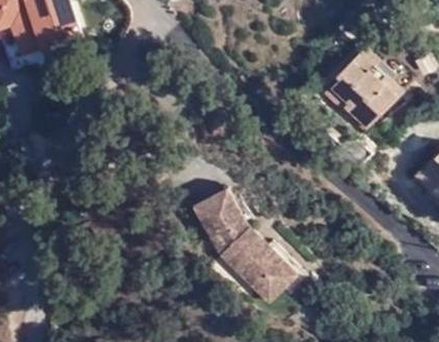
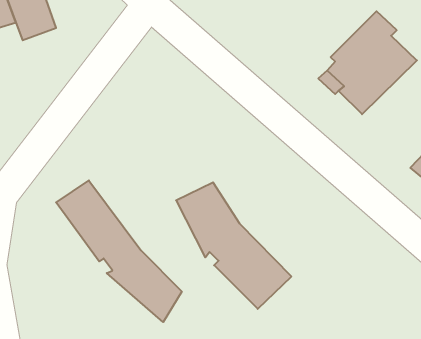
building: none -> [56,180,182,322]

